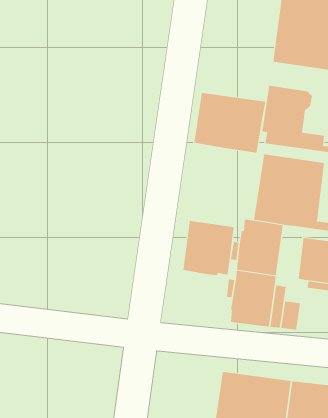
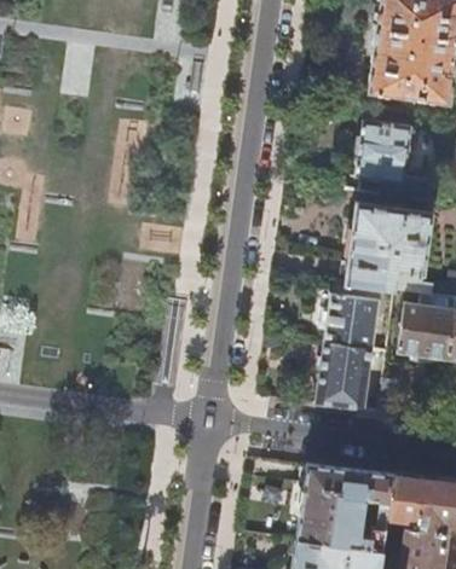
building: [194,92,266,154] -> none
building: [183,220,234,276] -> none

